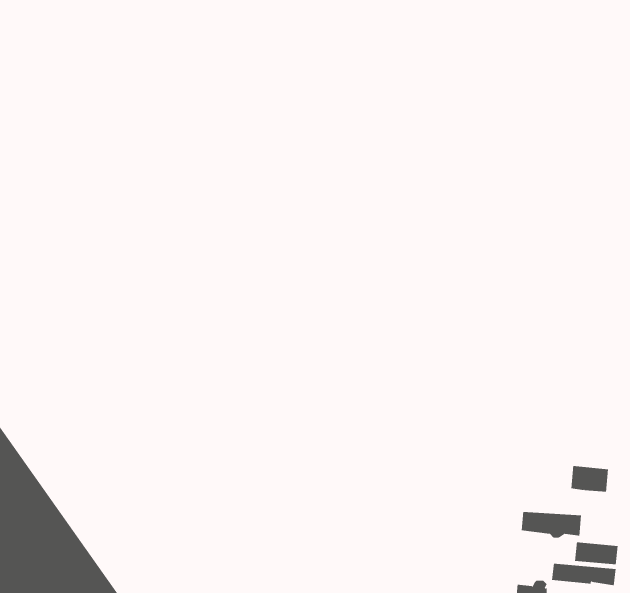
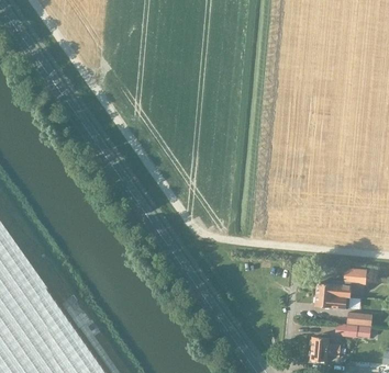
building: none -> [315,281,351,297]

